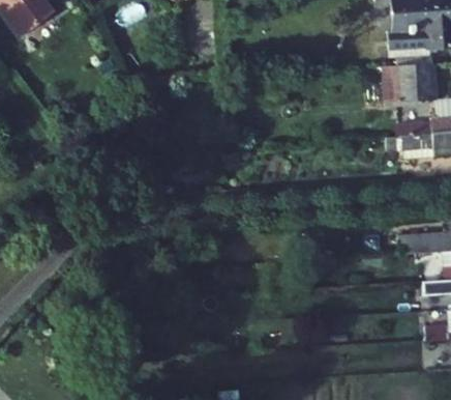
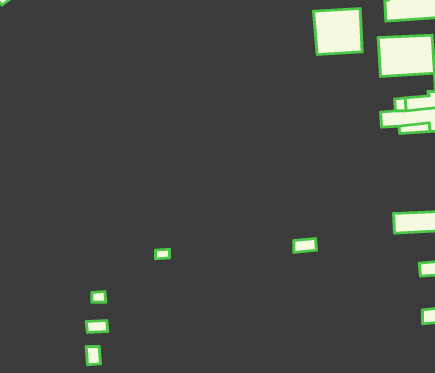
building: none -> [314,9,362,54]

